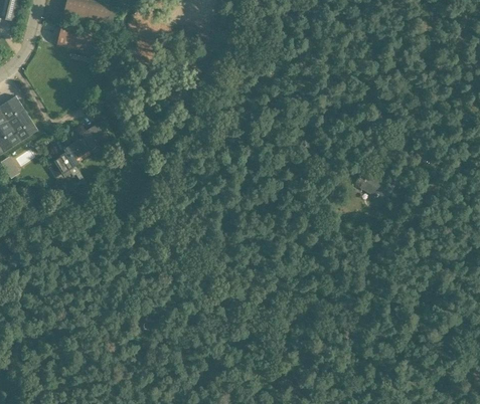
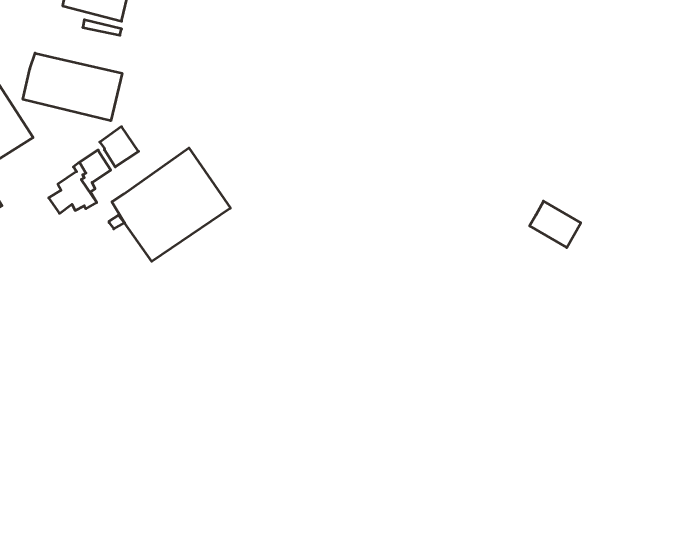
building: none -> [23,53,122,121]
building: none -> [112,148,230,261]

